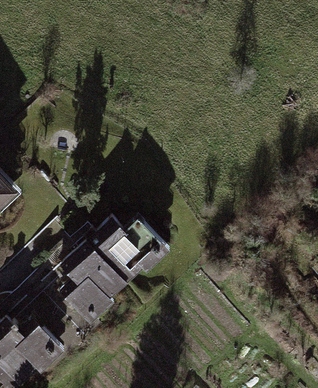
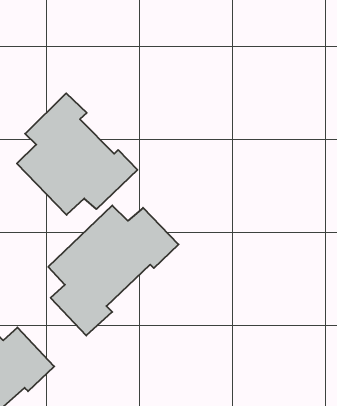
building: none -> [17,93,137,215]

